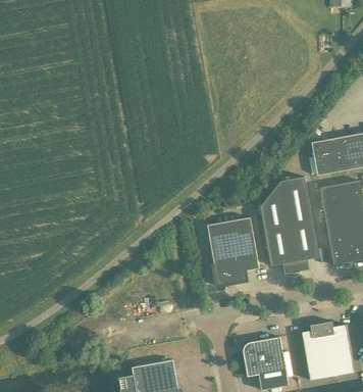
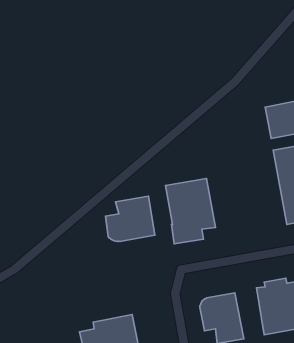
building: [260,177,319,274] -> none
building: none -> [105,196,155,242]

